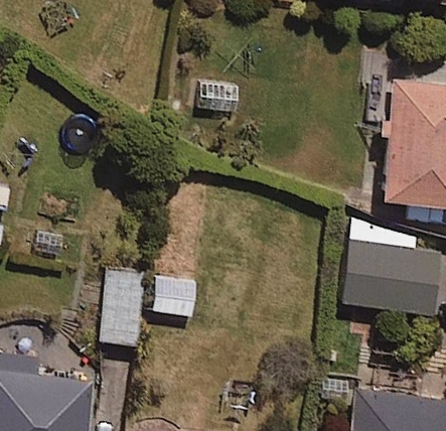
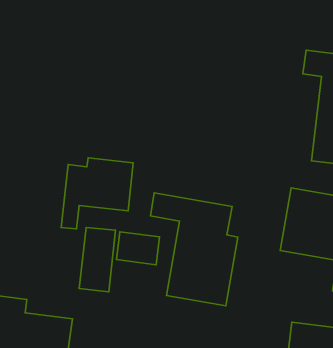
building: none -> [61,158,133,229]
building: none -> [151,193,238,306]

